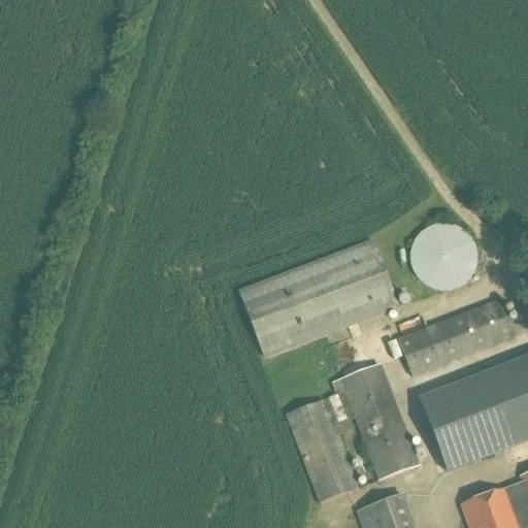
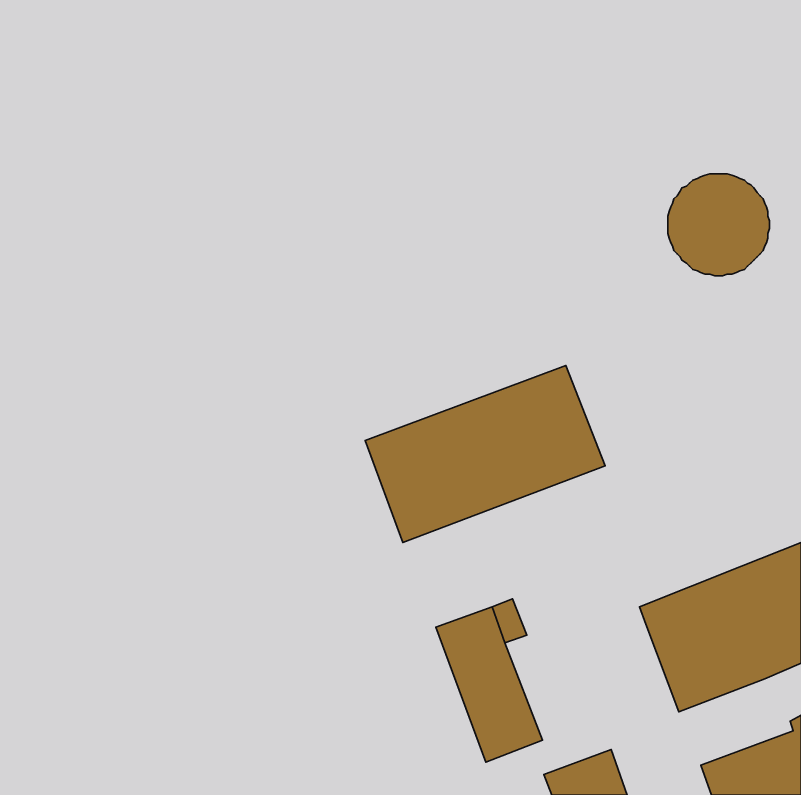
building: [409,222,476,289] -> [668,174,770,276]
building: [397,300,513,374] -> none
building: [333,364,417,478] -> none

